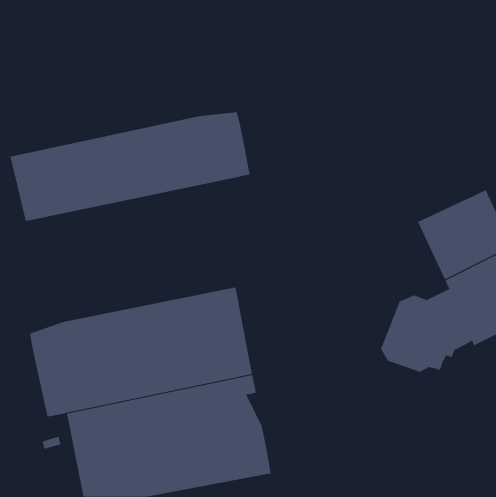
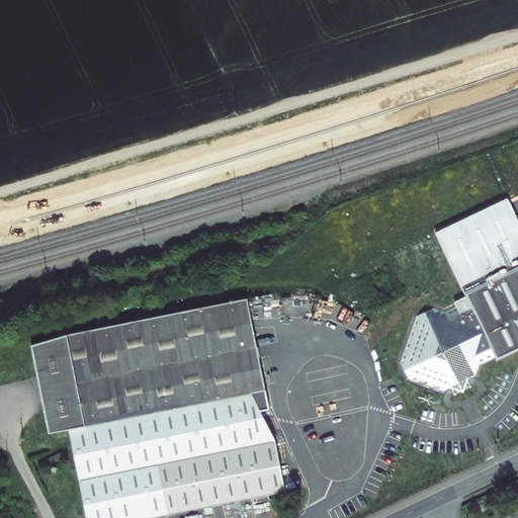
building: [10,111,250,222] -> none

